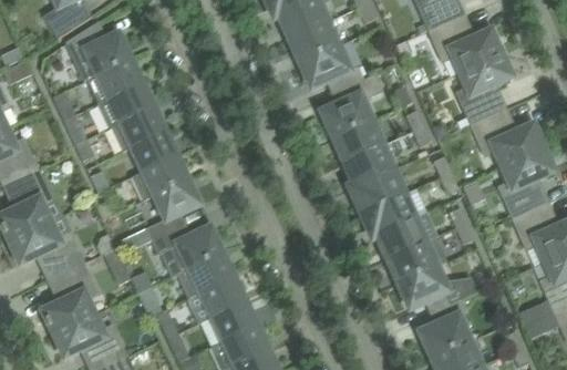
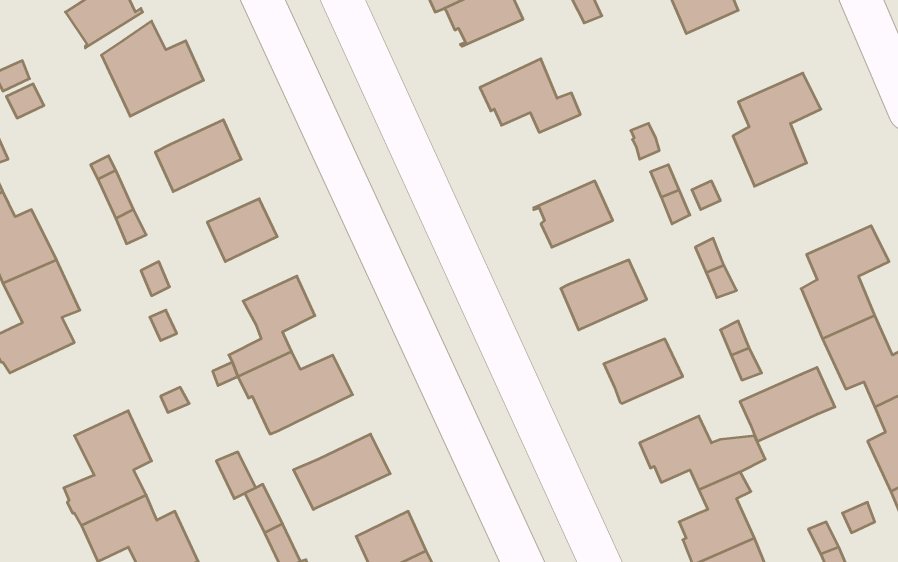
building: [427,14,499,71] -> none
building: [289,20,338,62] -> none
building: [86,58,142,103] -> none
building: [324,73,382,136] -> none
building: [111,106,164,150] -> none
building: [470,109,542,165] -> none
building: [344,144,392,184] -> none
building: [131,154,187,199] -> none
building: [361,193,414,236] -> none
building: [10,219,83,277] -> none
building: [388,236,446,281] -> [740,367,835,441]
building: [176,251,233,296] -> none
building: [212,300,256,339] -> none

